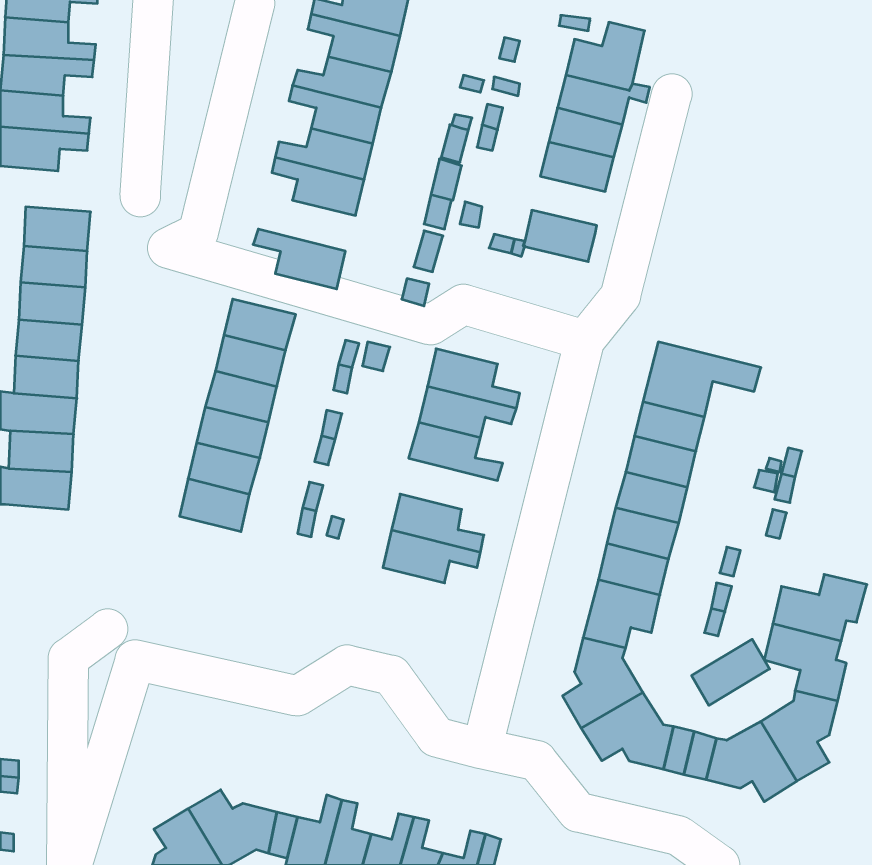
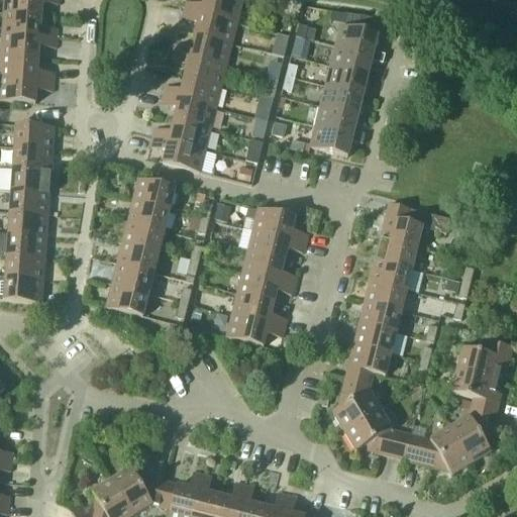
building: none -> [315,104,366,141]
building: none -> [153,118,211,148]
building: none -> [237,271,295,301]
building: [692,639,770,705] -> none

